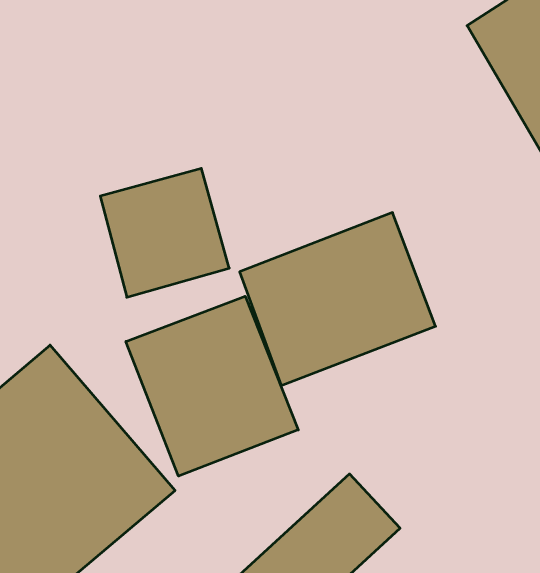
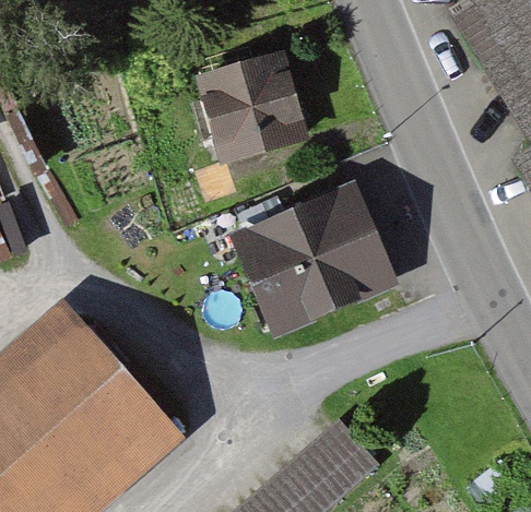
building: [100,168,229,297] -> [197,57,308,168]
building: [126,296,298,476] -> none

